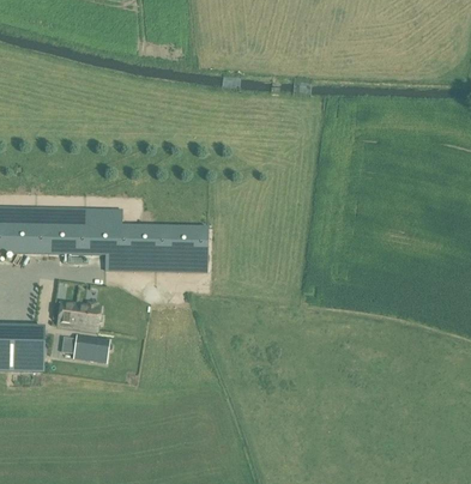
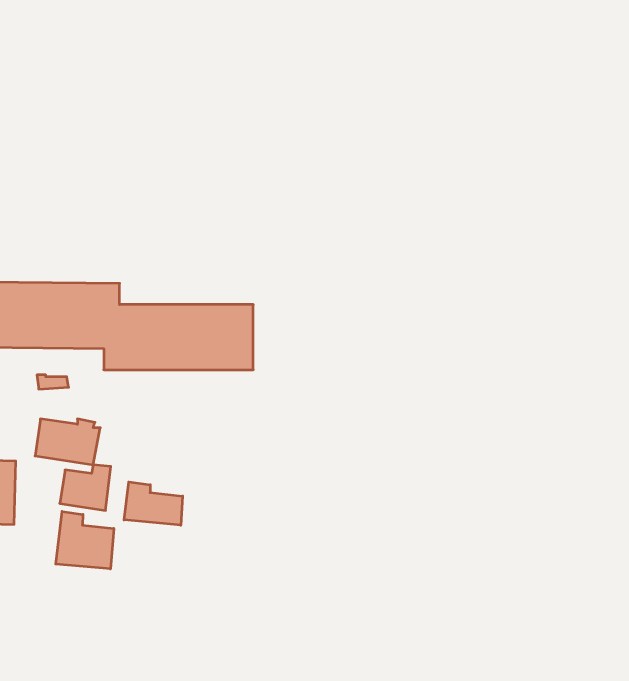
building: none -> [124,482,183,525]
building: none -> [56,511,114,569]

